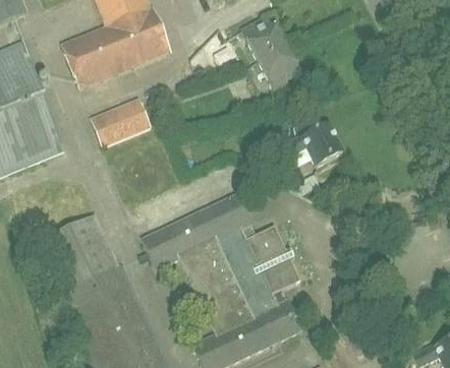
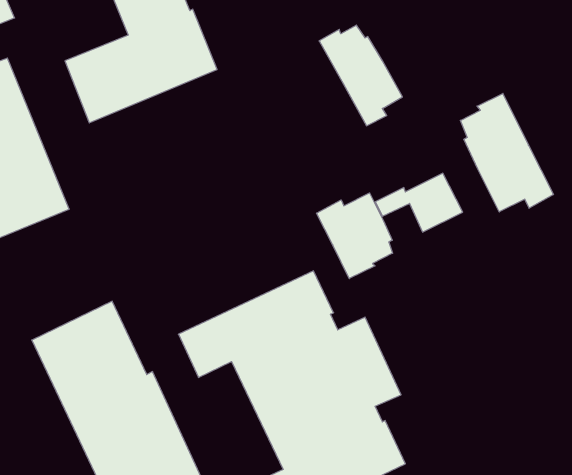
building: none -> [460,93,553,212]
building: [91,98,150,145] -> none
building: none -> [317,193,393,279]

